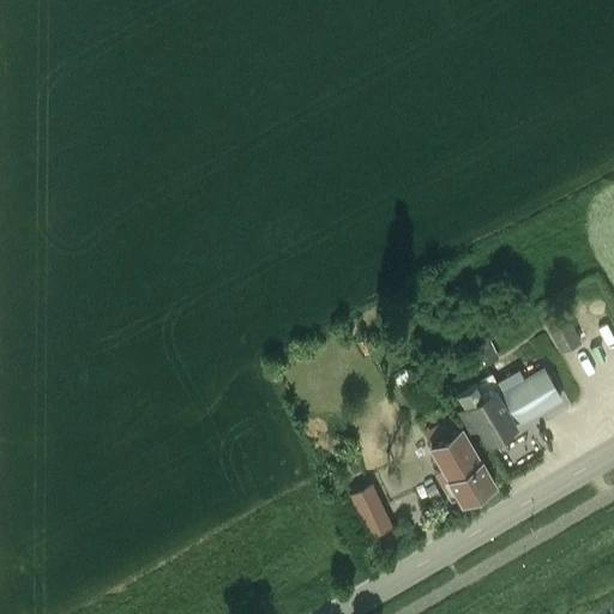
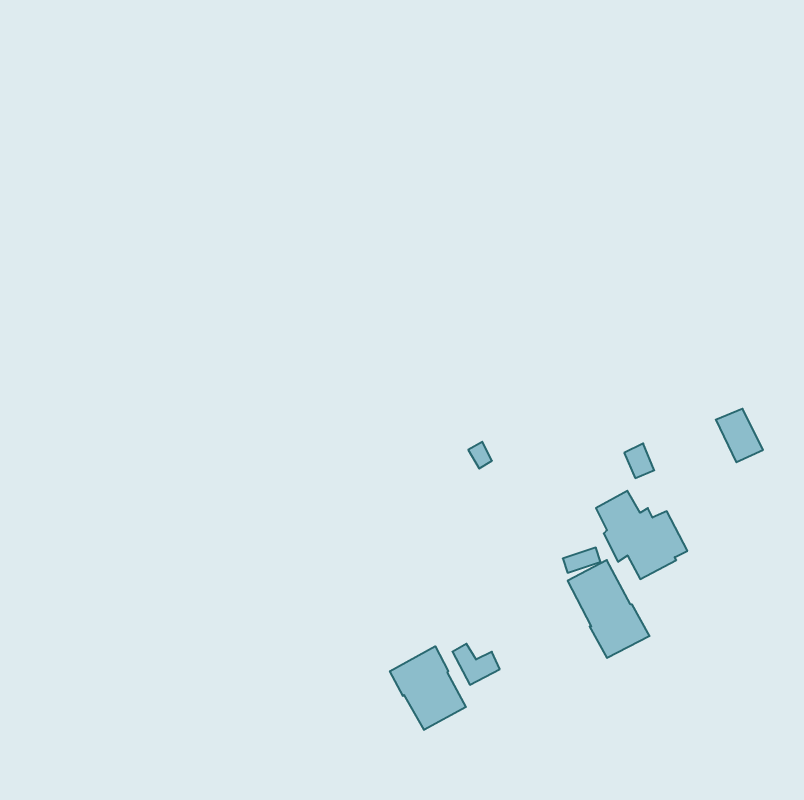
building: [508,373,561,423] -> none
building: none -> [390,646,466,730]

